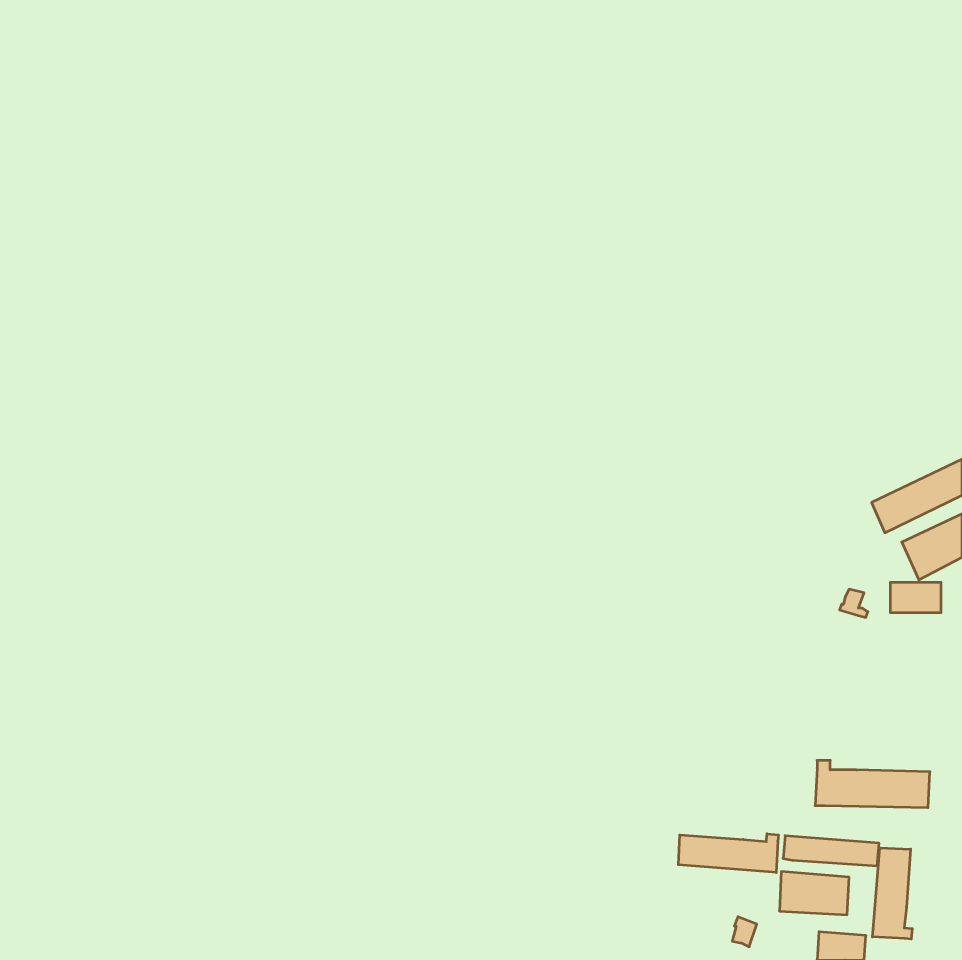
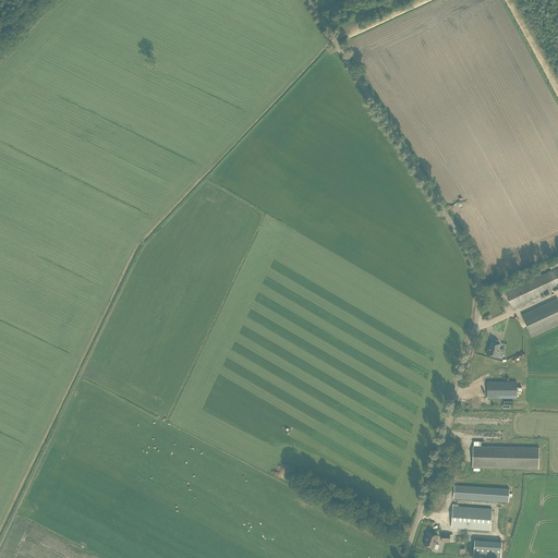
building: [890,582,941,613] -> [487,380,517,398]
building: [678,834,778,873] -> none
building: [872,848,912,939] -> none

